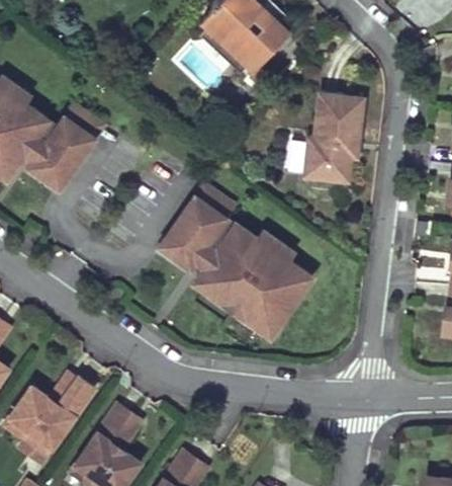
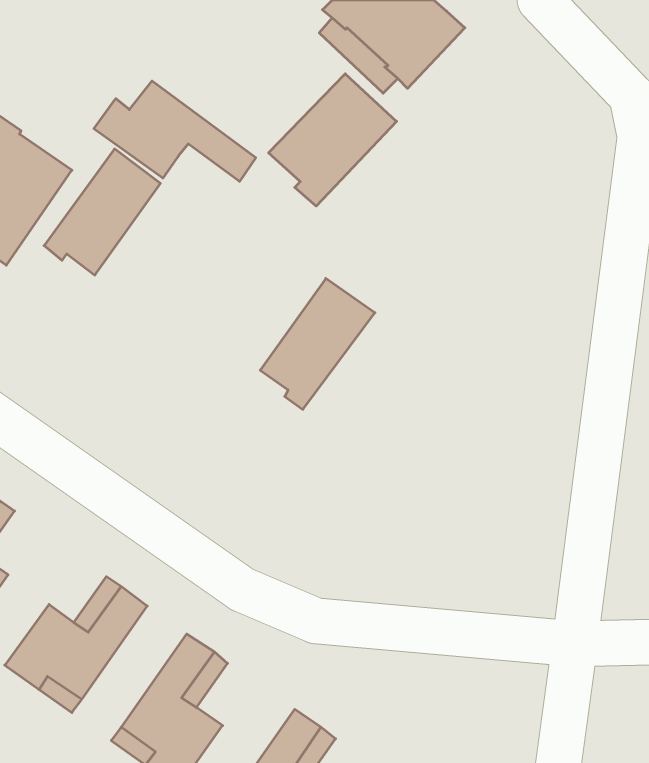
building: none -> [269,74,397,206]
building: none -> [94,81,256,181]
building: [303,94,362,181] -> none
building: [195,223,312,334] -> none

